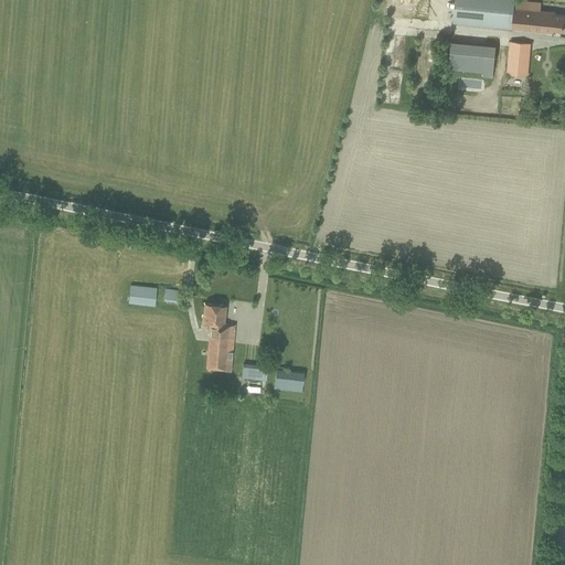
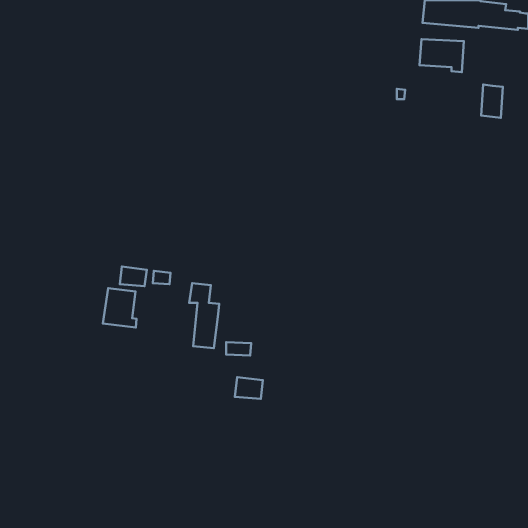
building: [507,41,530,76] -> [481,85,503,118]
building: none -> [103,288,137,328]
building: [274,369,303,392] -> [235,377,263,399]

